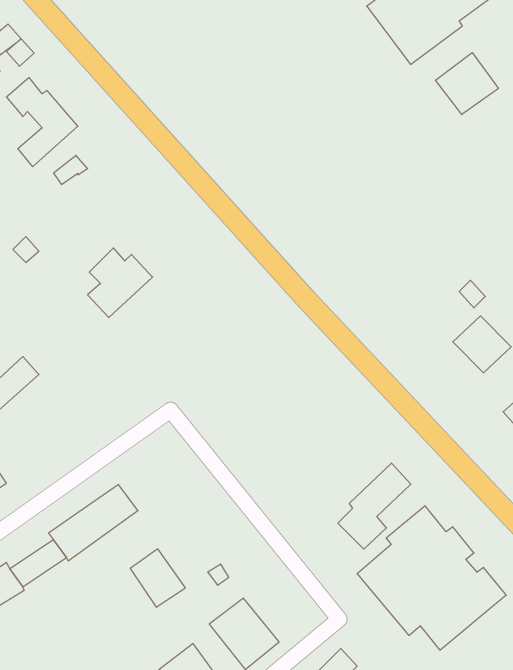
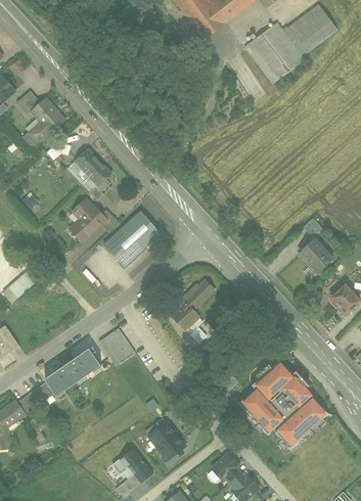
building: [435,53,498,115] -> none
building: none -> [65,146,114,194]
building: none -> [103,207,163,265]
building: [338,463,411,549] -> [170,274,216,328]
building: [130,549,185,607] -> [102,329,137,366]

